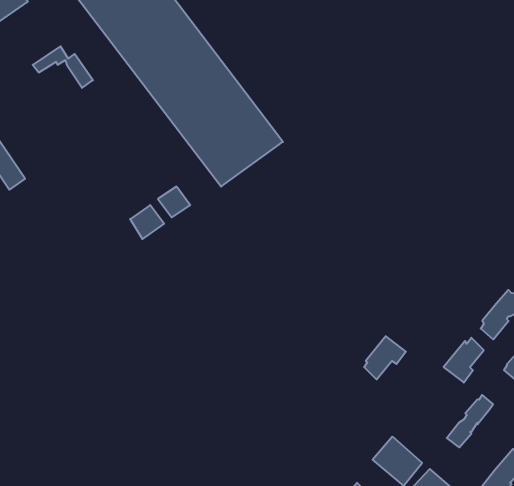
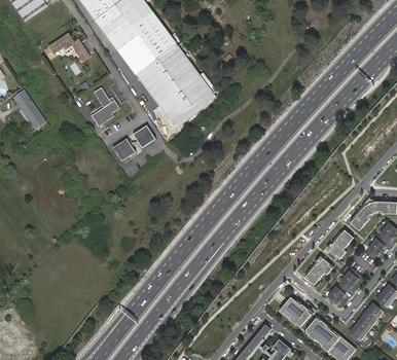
building: none -> [94,86,120,125]
building: [364,336,406,379] -> [303,255,331,284]

